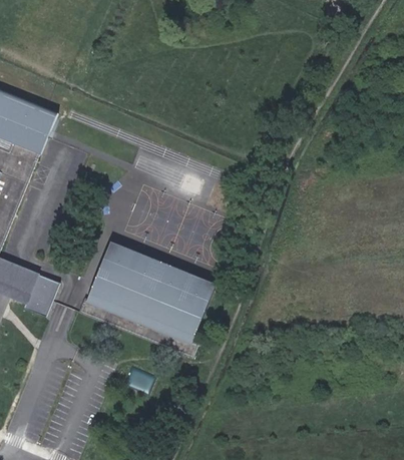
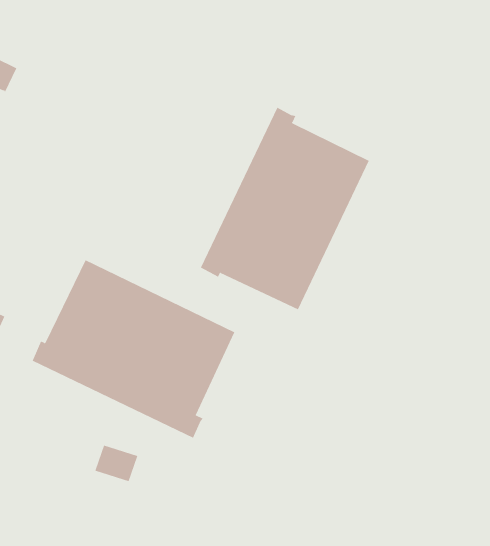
building: none -> [200,107,369,310]

